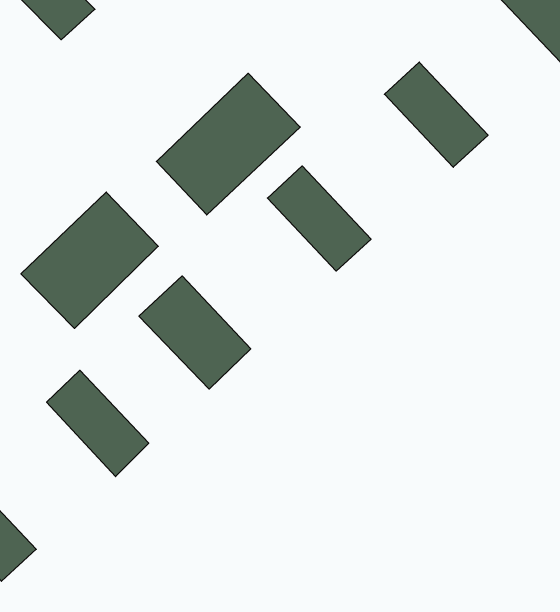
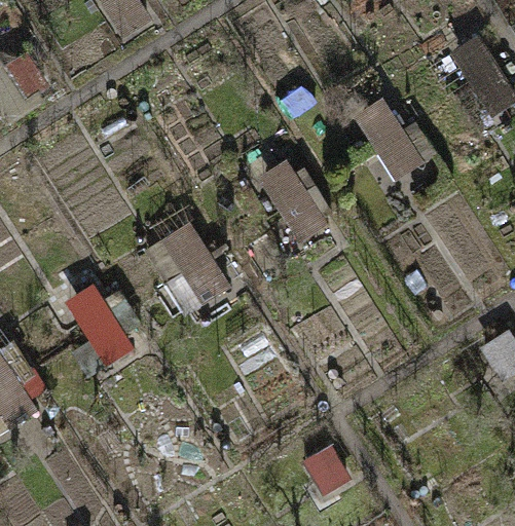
building: [156,73,300,215] -> none
building: [21,192,158,328] -> none

